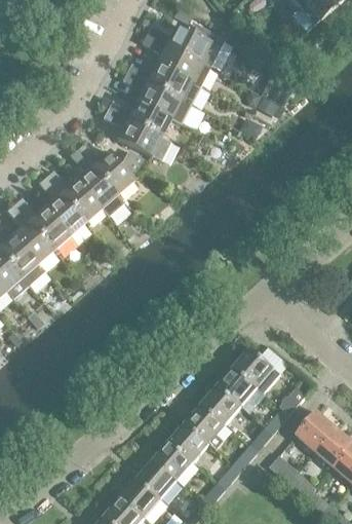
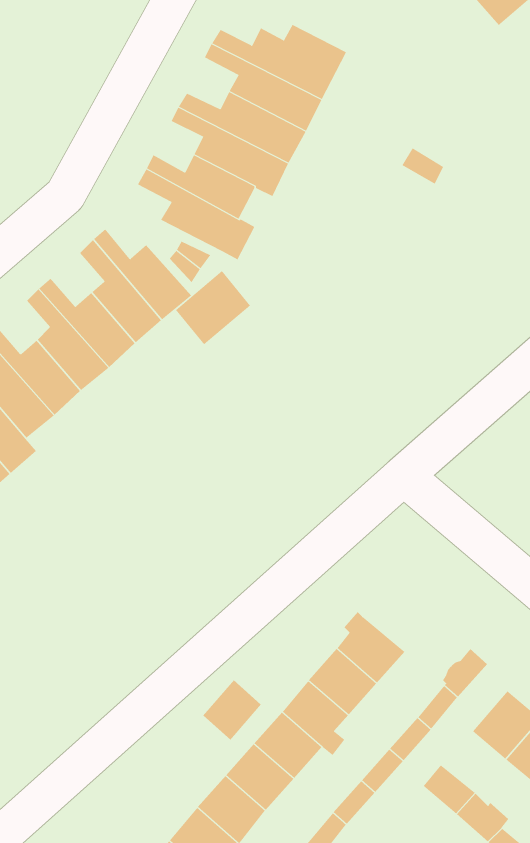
building: none -> [175,270,251,345]
building: [233,348,279,394] -> none
building: none -> [203,680,262,741]

